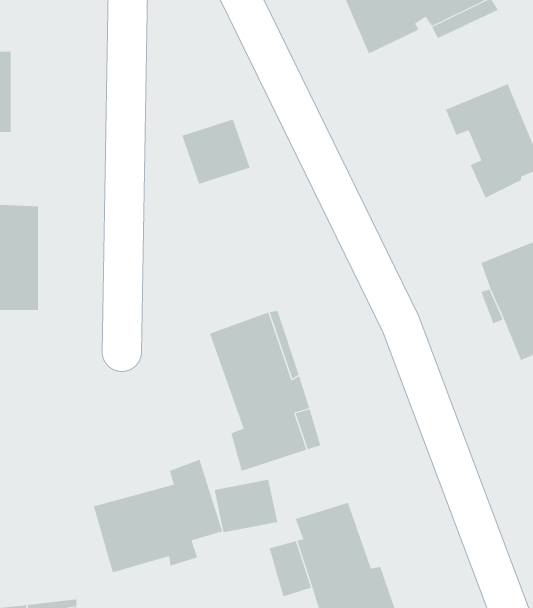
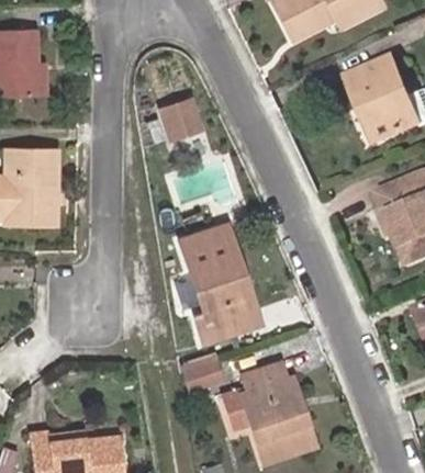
building: [93,459,223,573] -> none

